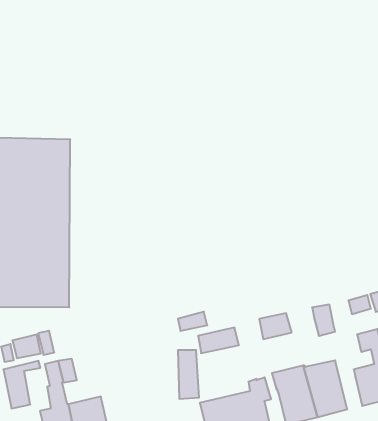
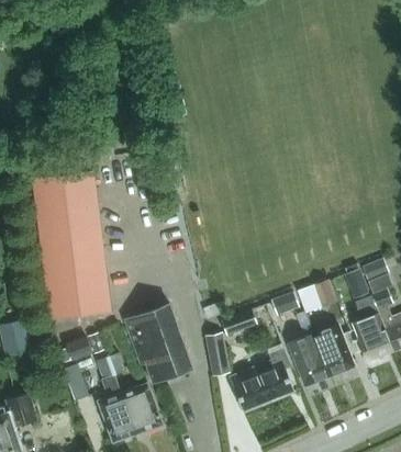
building: none -> [124,304,191,382]

